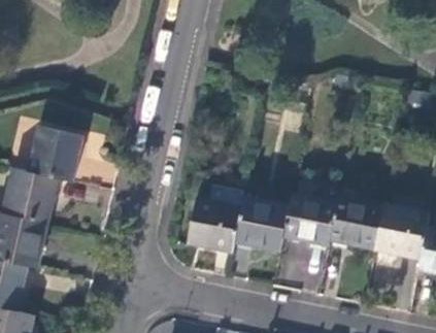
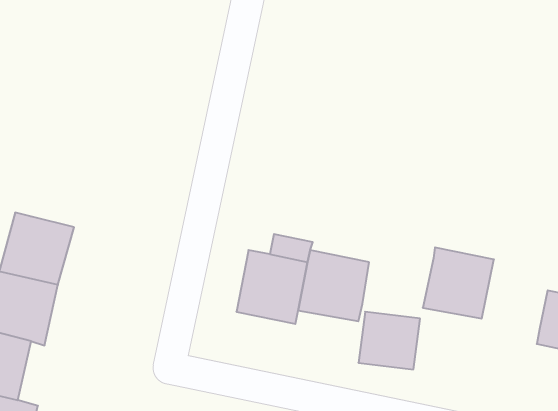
building: [28,126,83,182] -> none
building: [282,195,337,247] -> none
building: [374,201,428,258] -> none

